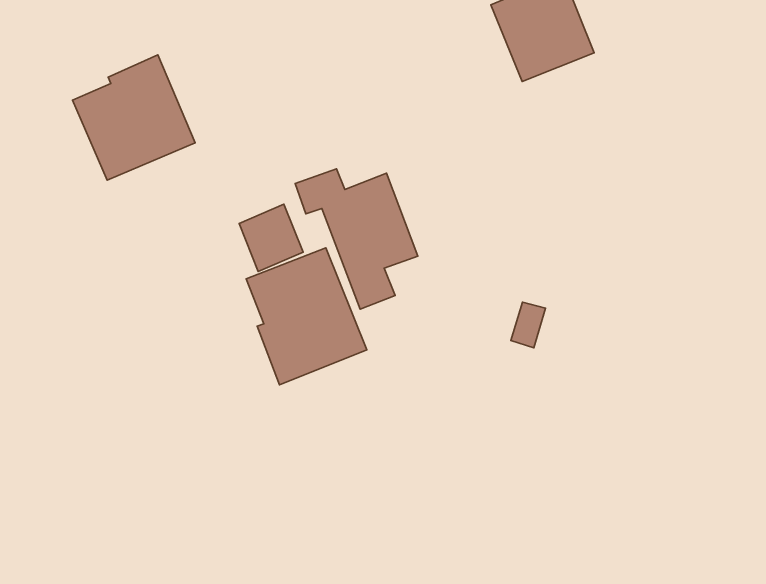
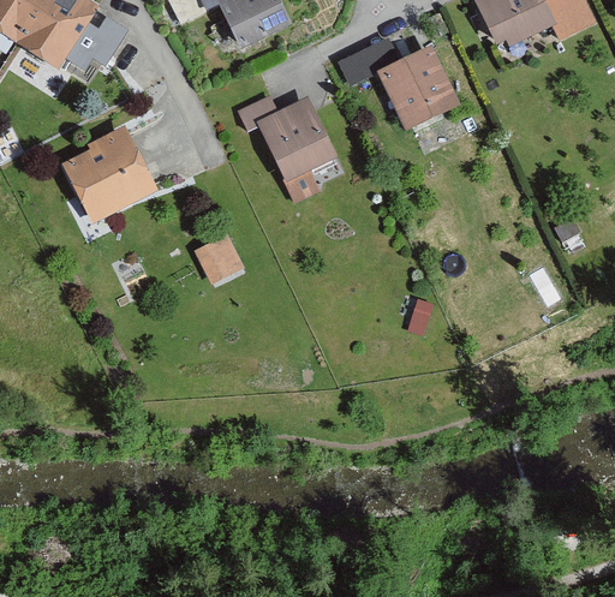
building: [295,169,418,309] -> [238,95,335,202]
building: [246,248,367,385] -> none

